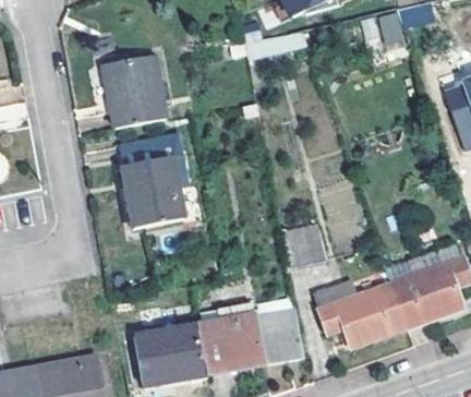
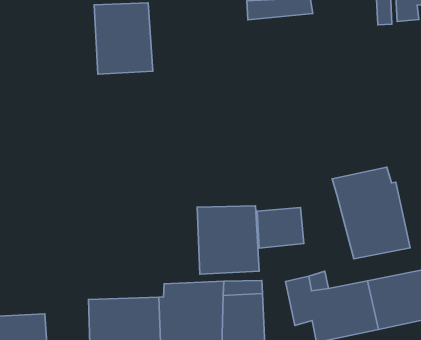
building: [119,131,189,227] -> none
building: none -> [332,167,410,259]
building: none -> [197,206,259,274]

